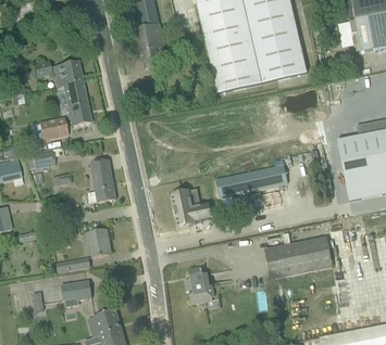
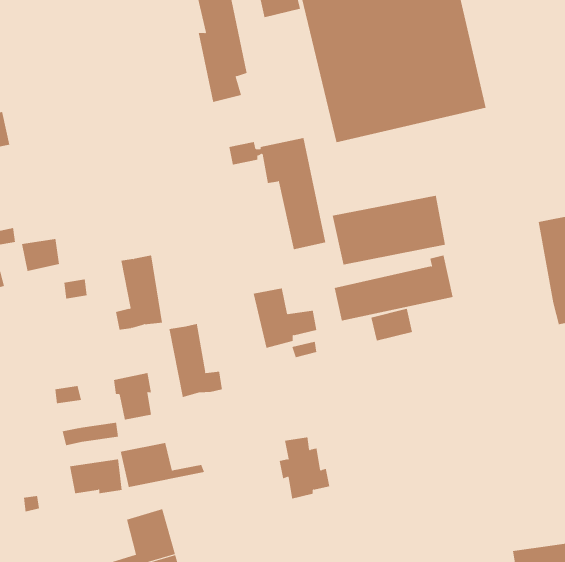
building: [34,60,91,126] -> [229,138,326,250]
building: [39,117,67,139] -> none
building: none -> [169,323,223,398]
building: [264,237,332,278] -> [332,195,446,265]
building: none -> [120,442,205,488]

